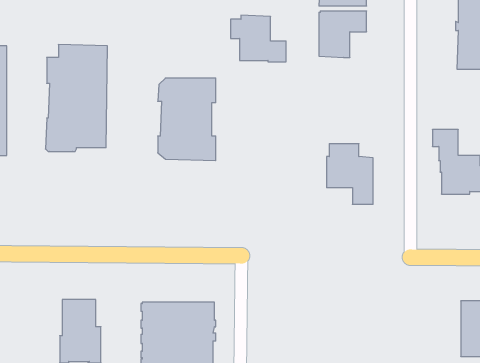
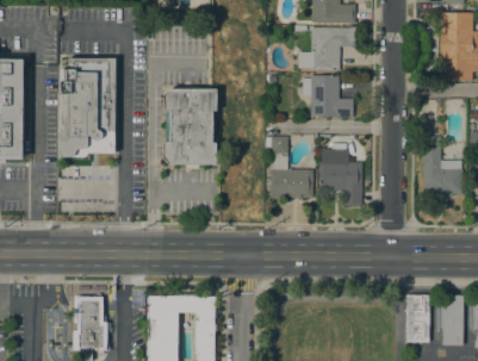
building: [231,15,286,62] -> [302,74,353,117]
building: none -> [265,136,312,197]
building: none -> [405,294,429,342]

